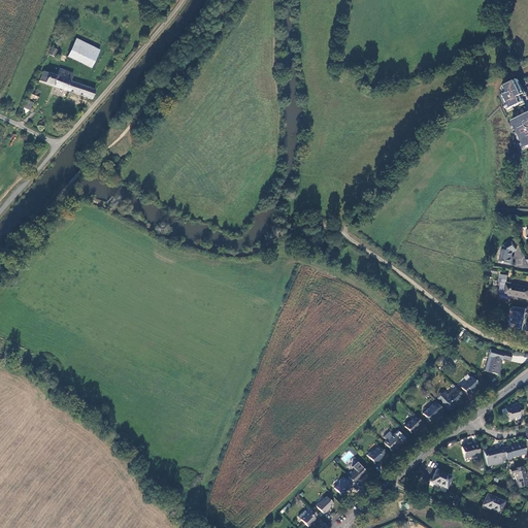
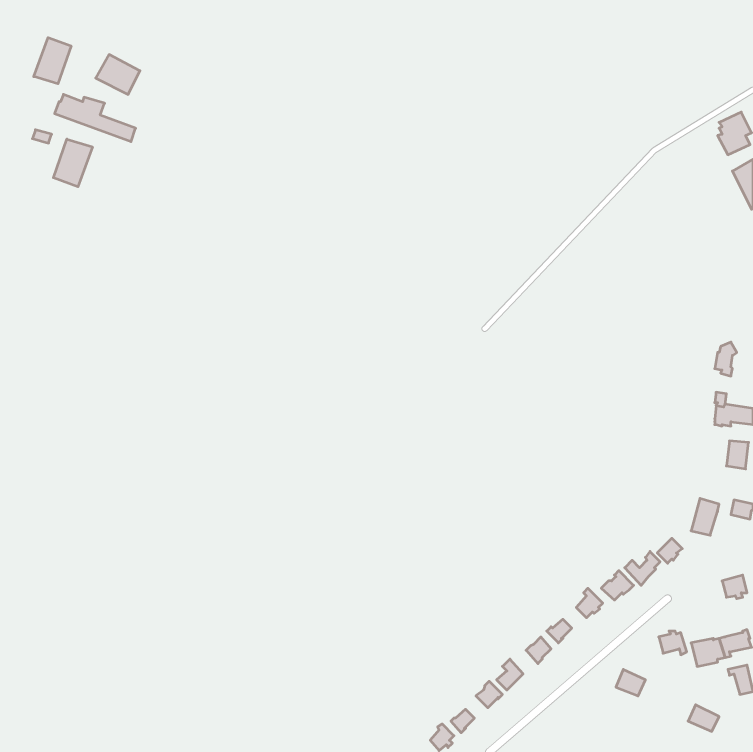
building: none -> [34,38,71,84]
building: none -> [53,139,92,187]

